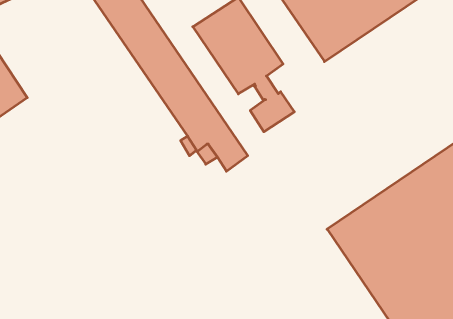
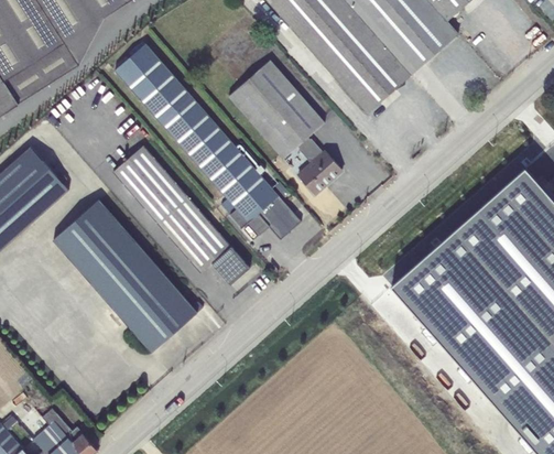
building: none -> [112,144,249,283]
building: none -> [52,198,197,352]

